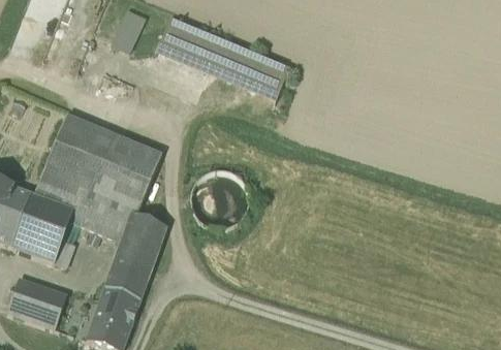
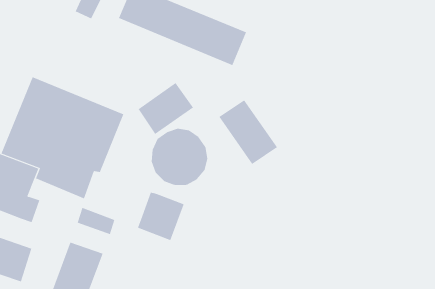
building: none -> [138,82,194,135]
building: none -> [218,99,278,165]
building: [118,212,167,262] -> [137,192,185,241]
building: [105,265,148,297] -> none

